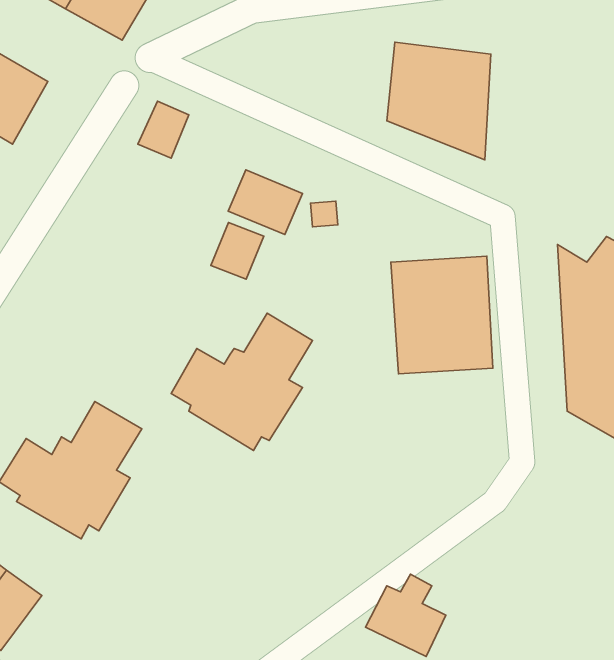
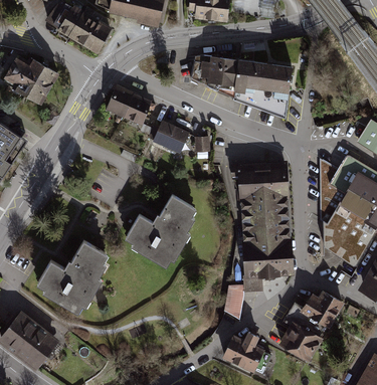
building: none -> [190,55,238,98]
building: [211,222,264,279] -> [124,94,151,124]
building: none -> [227,224,293,316]
building: none -> [279,291,342,359]

